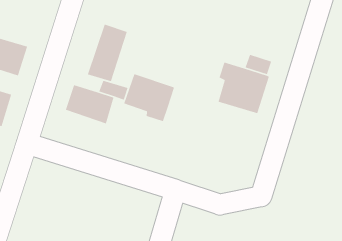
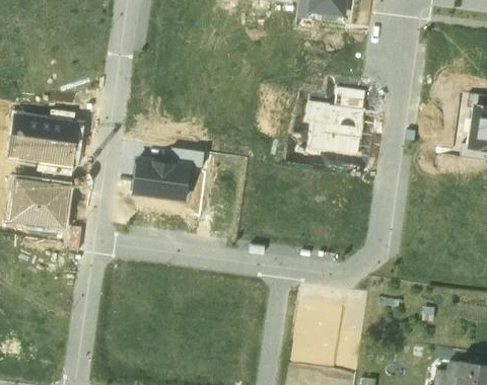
building: [87,23,128,82] -> none
building: [123,73,174,122] -> none

